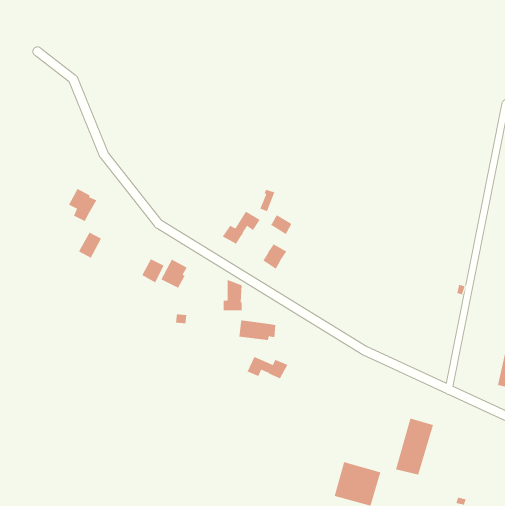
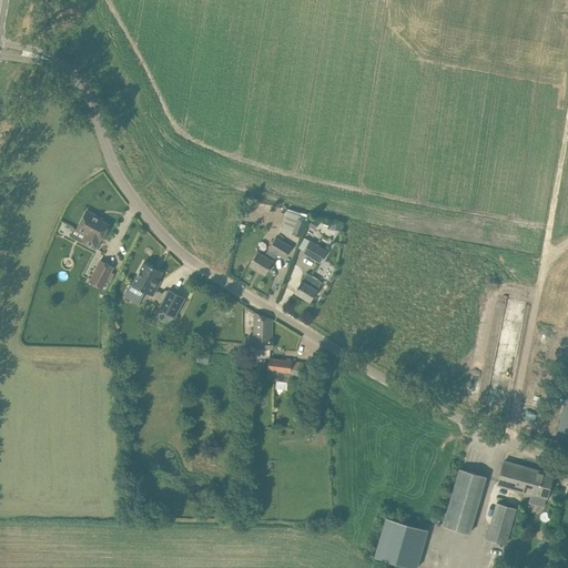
building: [161,259,187,288] -> [133,262,163,295]
building: [247,356,288,379] -> none
building: none -> [498,462,554,499]
building: none -> [487,503,517,544]

